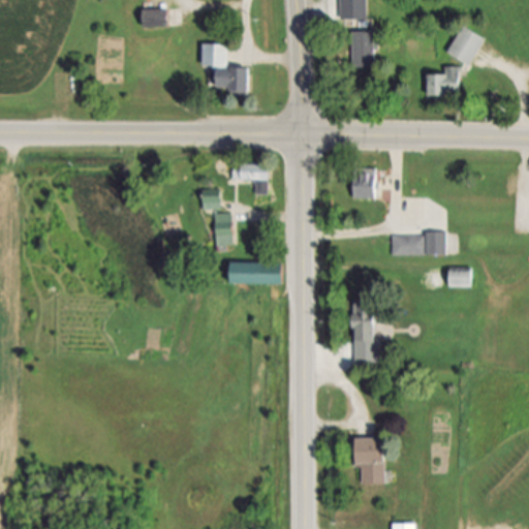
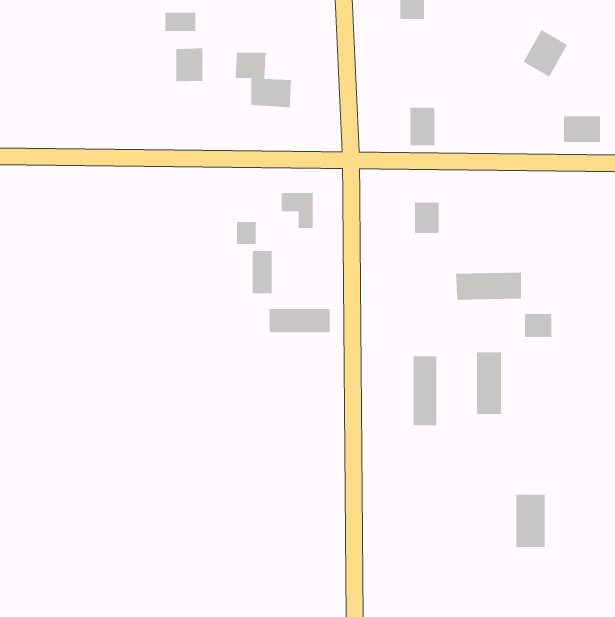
building: [351,33,373,66] -> [410,107,435,146]
building: none -> [176,48,203,82]
building: [427,73,459,96] -> [563,116,601,142]
building: none -> [477,351,502,415]
building: [357,438,383,484] -> [515,494,546,547]

